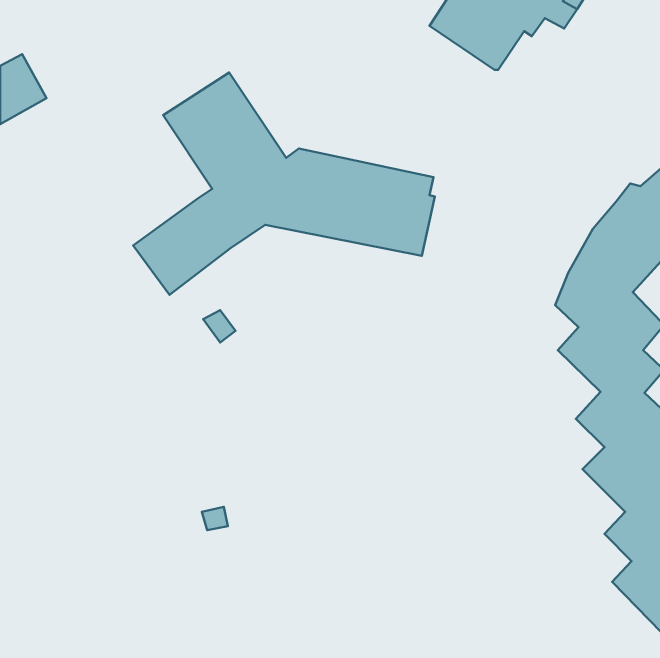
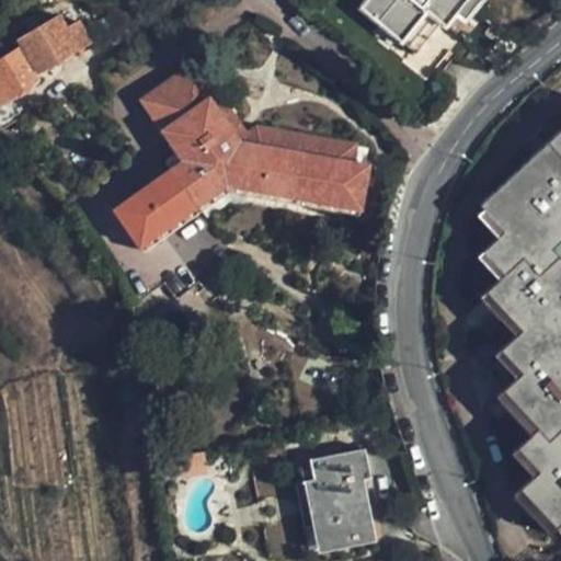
building: none -> [20,12,93,70]
building: none -> [302,446,371,545]

